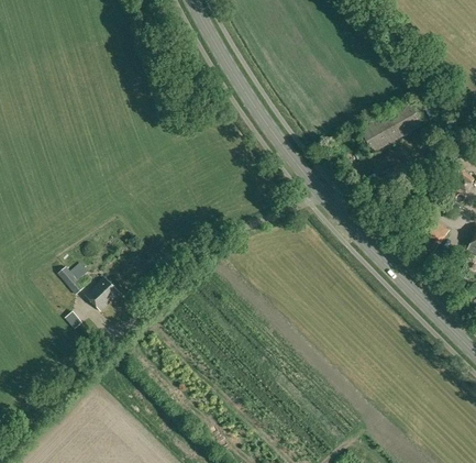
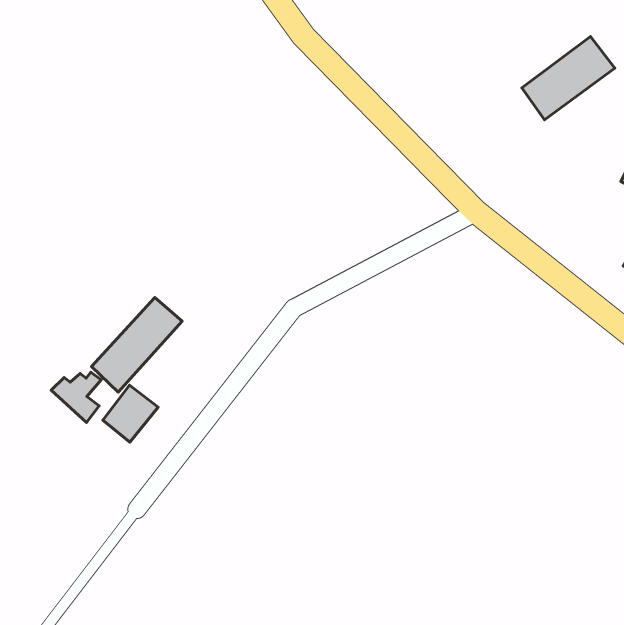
building: none -> [91,297,182,392]

